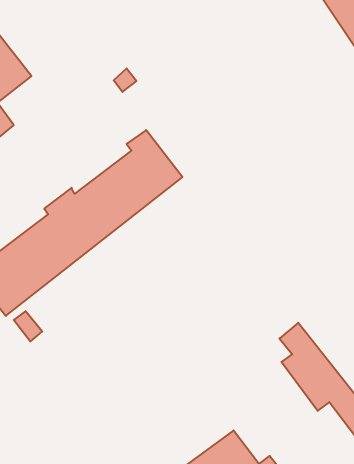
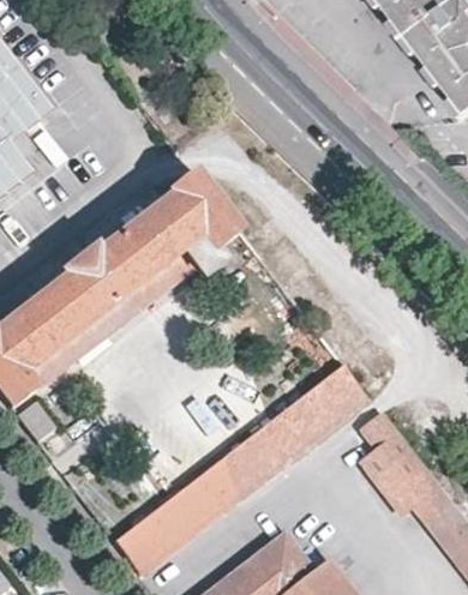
building: none -> [122,365,367,565]

